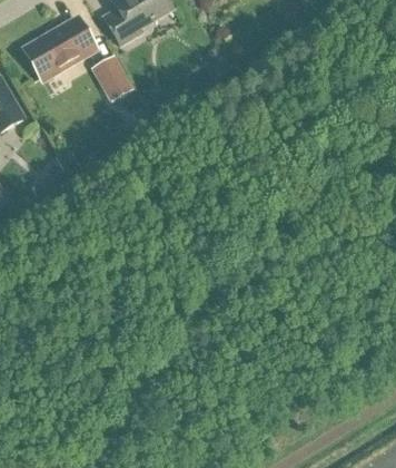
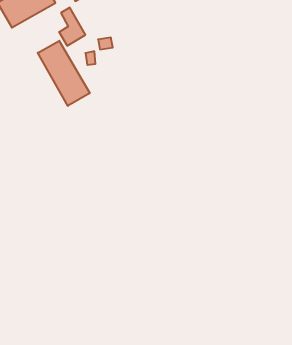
building: none -> [38,41,90,106]

